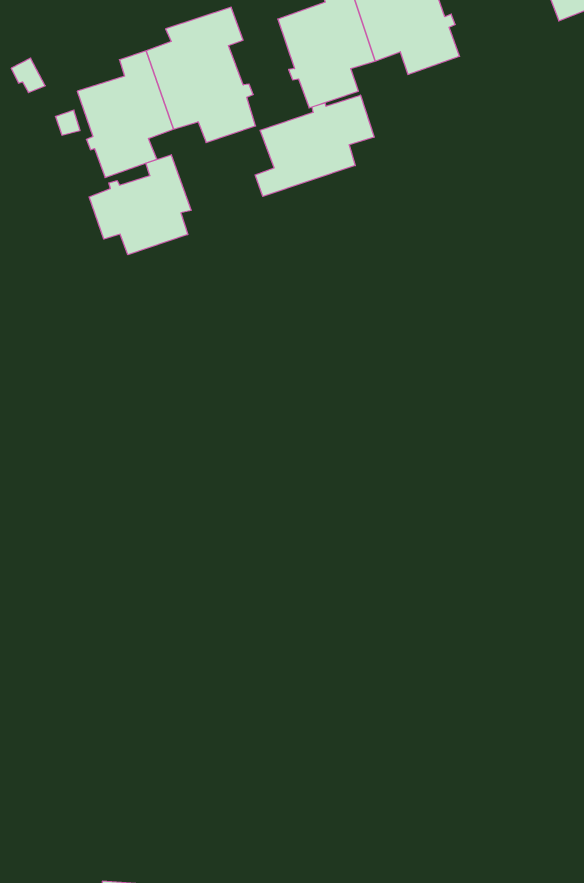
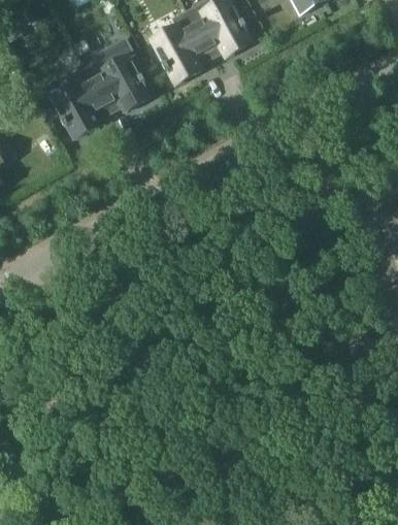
building: [255,95,374,196] -> none
building: [89,155,191,255] -> none

